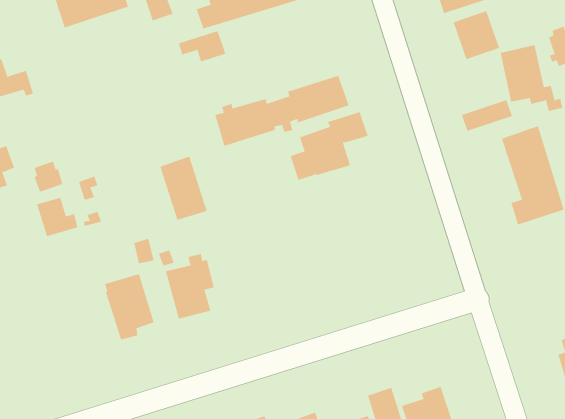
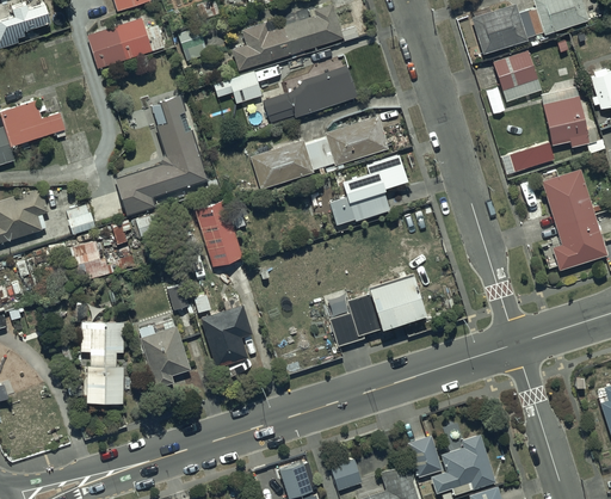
building: none -> [264,66,357,123]
building: none -> [115,94,208,216]
building: none -> [325,266,432,351]
building: none -> [79,321,124,402]

